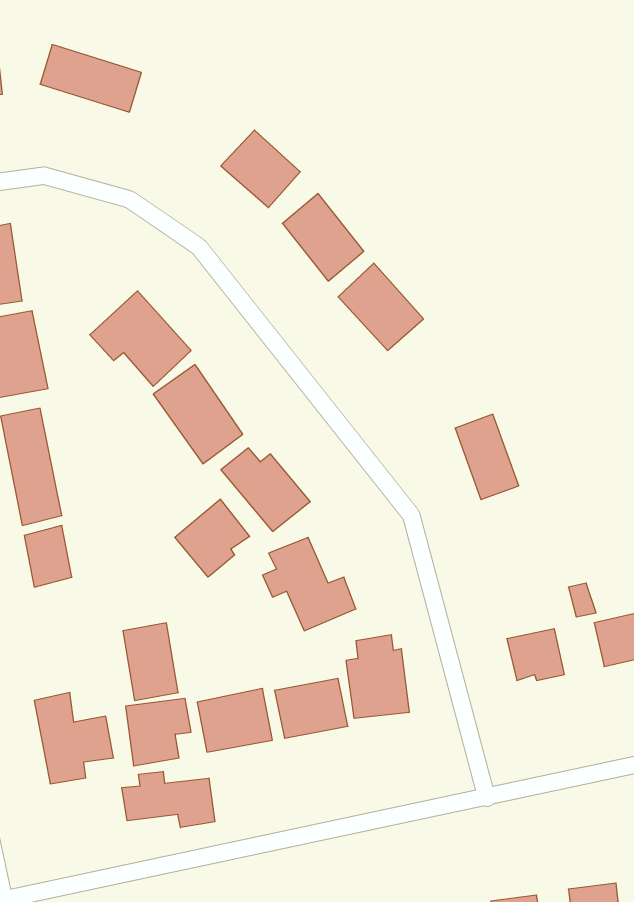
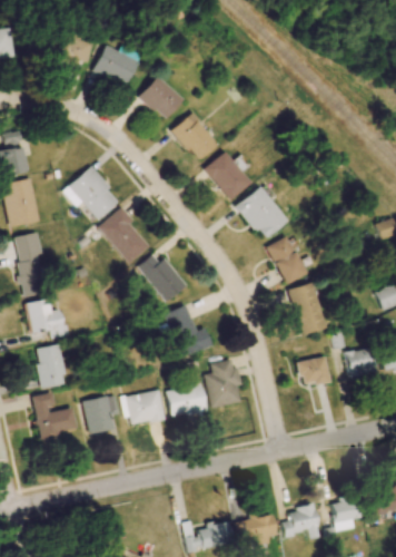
building: none -> [93,46,137,85]
building: none -> [236,187,287,240]
building: none -> [290,283,324,334]
building: [175,499,250,577] -> none
building: [123,623,178,700] -> [36,344,67,388]
building: [122,771,215,828] -> none

